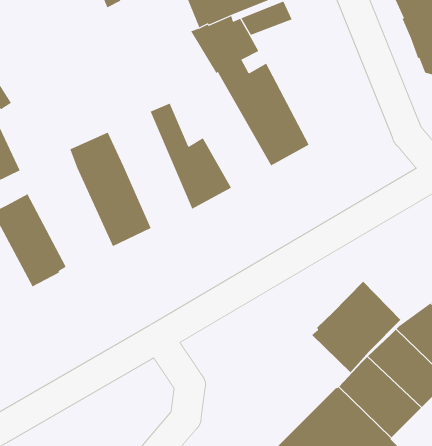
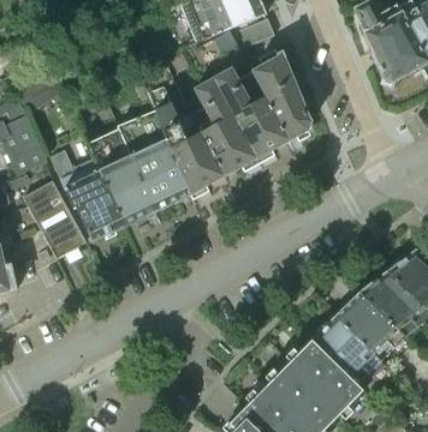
building: none -> [252,54,309,138]
building: none -> [194,78,256,174]
building: none -> [119,110,190,208]
building: none -> [49,149,124,240]
building: [311,281,401,373] -> none

